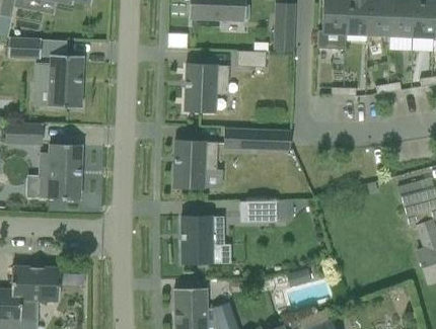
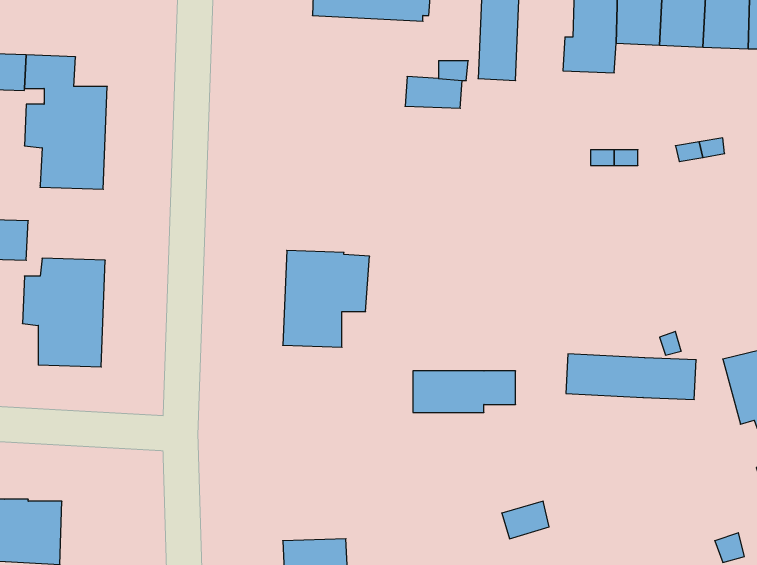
building: [185,63,229,112] -> none
building: [223,128,290,151] -> [566,354,696,399]
building: [181,216,224,264] -> none

